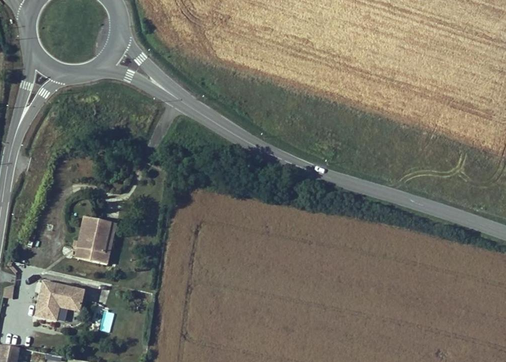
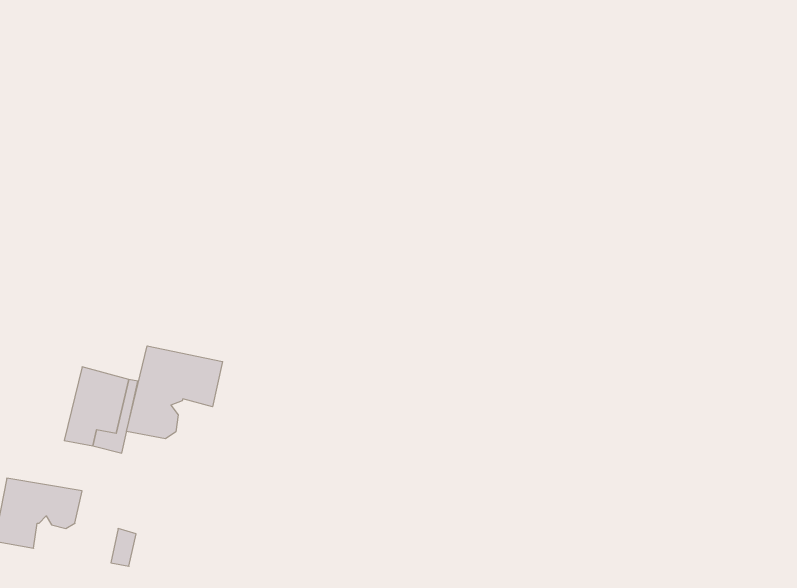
building: none -> [127,346,223,439]

